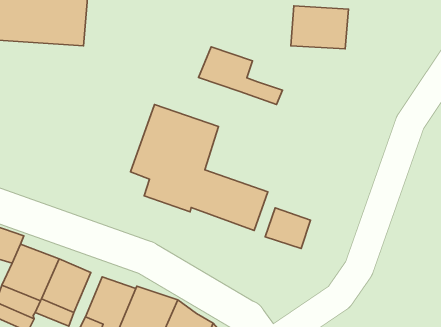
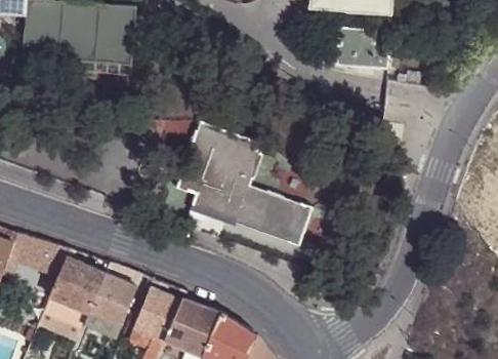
building: [198,47,283,104] -> none
building: [265,208,311,248] -> none

